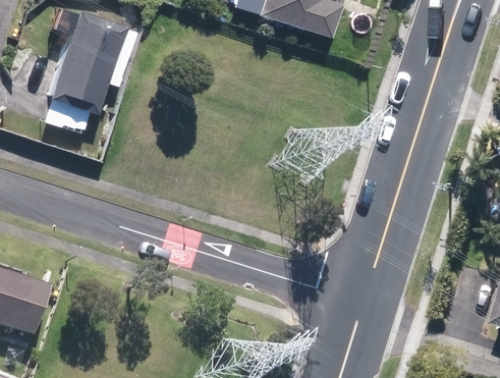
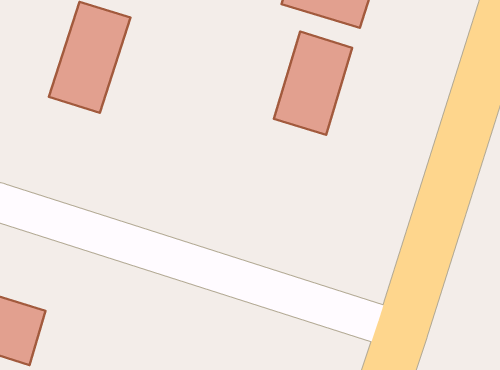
building: none -> [274,32,352,135]

